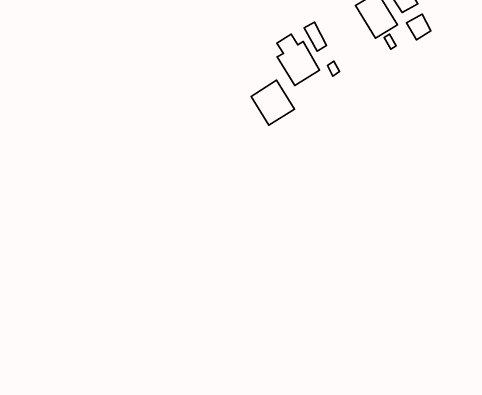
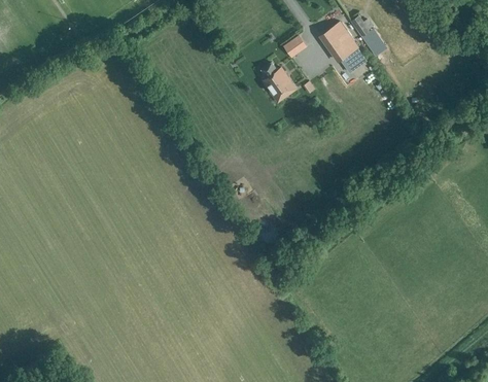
building: [251,80,294,125] -> none

